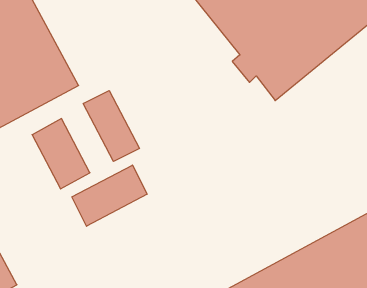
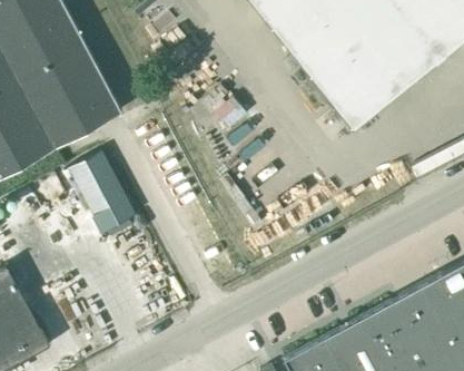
building: [83,91,139,161] -> none
building: [72,165,147,226] -> none

